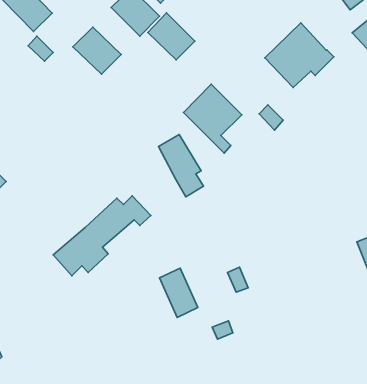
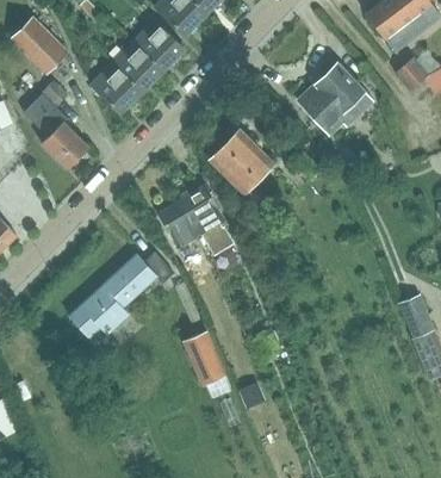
building: [148,13,195,60] -> [111,46,162,98]
building: none -> [19,89,89,168]
building: none -> [156,198,201,261]

